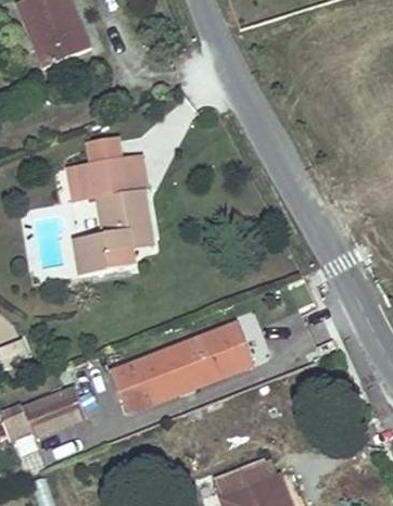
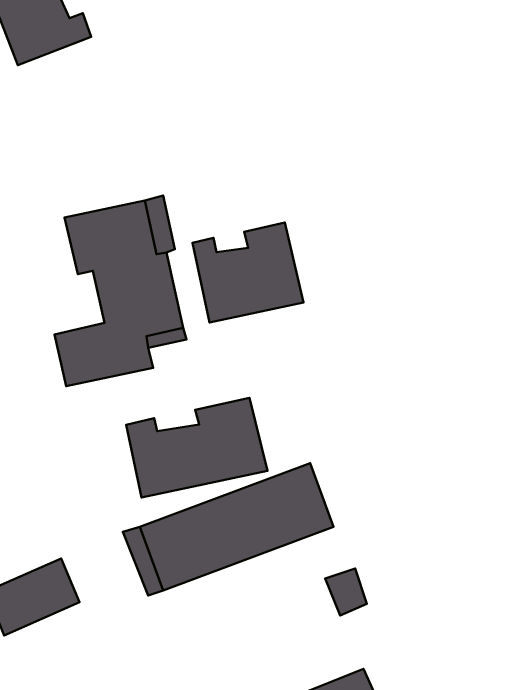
building: none -> [193,223,304,322]
building: none -> [126,398,268,498]

